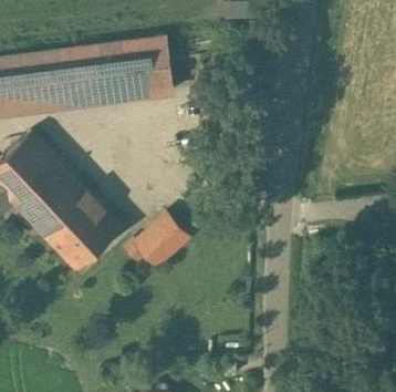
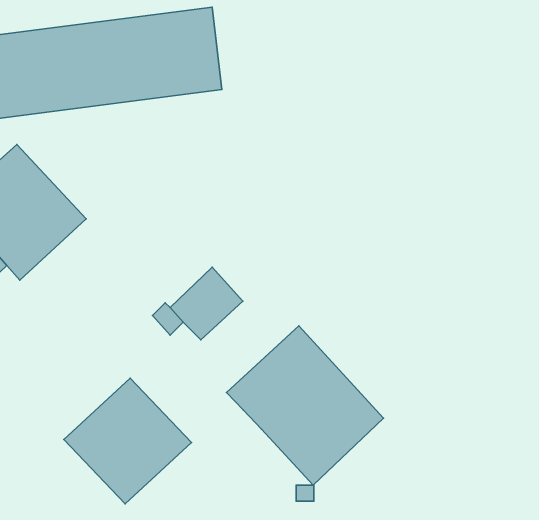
building: [35,183,123,269] -> [64,378,191,504]
building: none -> [227,326,383,485]

